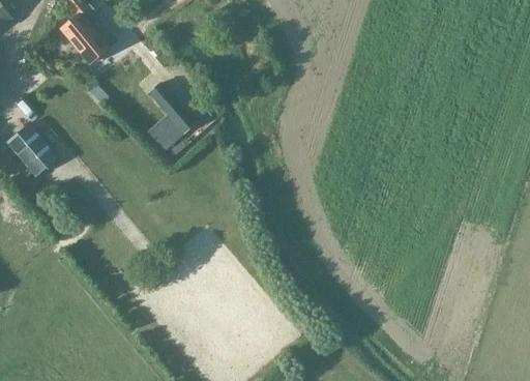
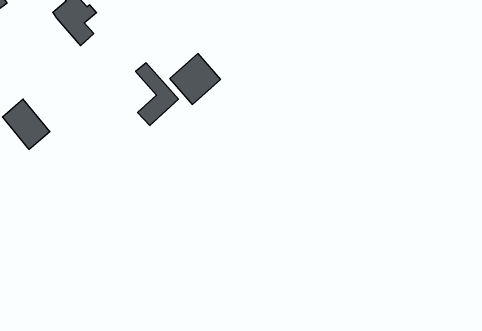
building: none -> [170,54,220,104]

